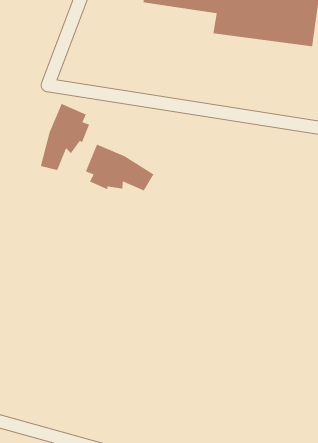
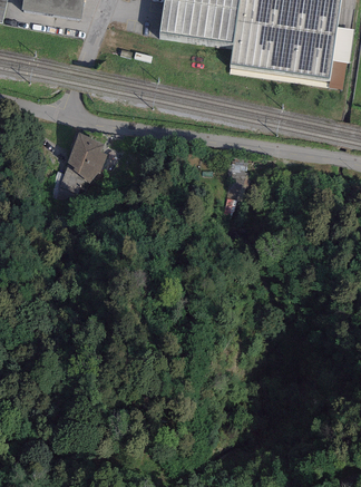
building: [85,143,155,191] -> none

